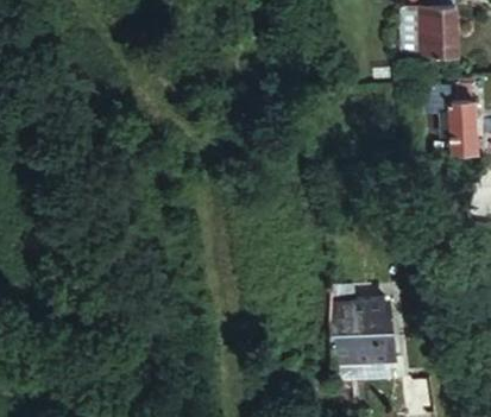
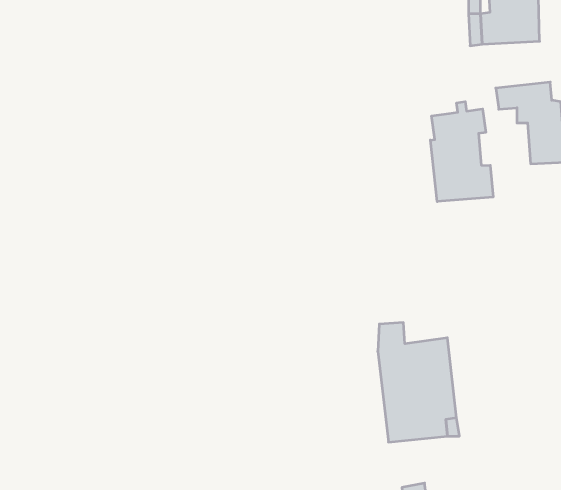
building: none -> [430,102,493,202]

